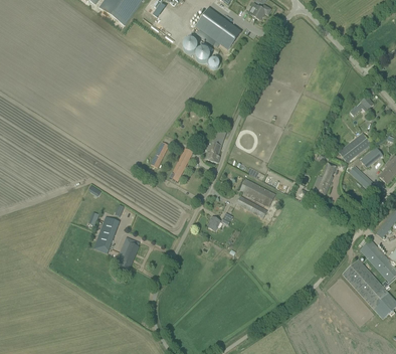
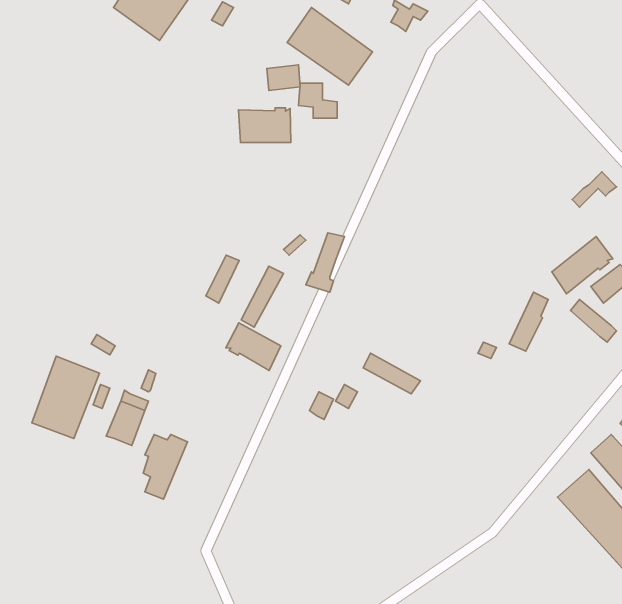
building: none -> [238,108,291,143]
building: none -> [226,323,281,370]
building: [238,179,274,207] -> none
building: none -> [32,356,99,438]

